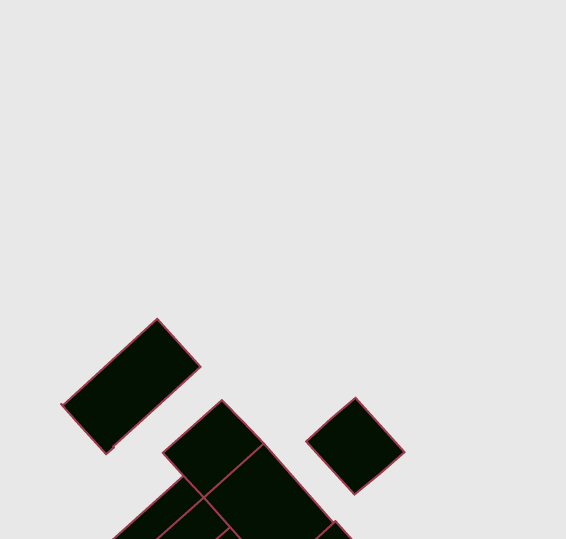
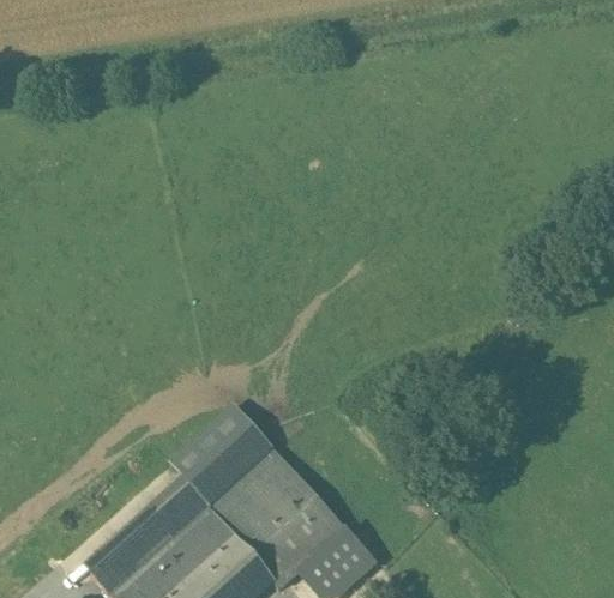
building: [61,319,201,454] -> none
building: [306,398,405,495] -> none

